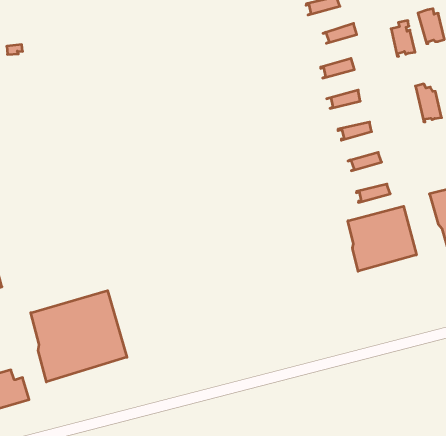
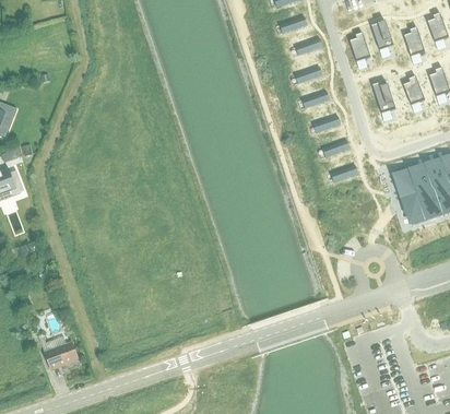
building: [348,206,416,271] -> none
building: [31,291,127,382] -> none

